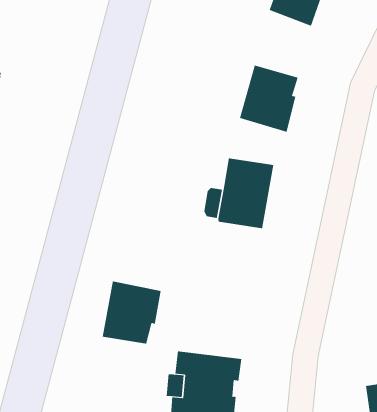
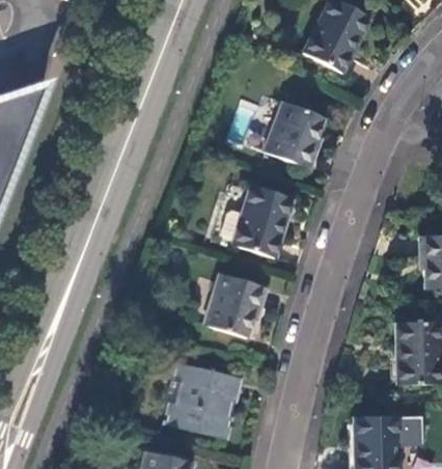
building: [102,281,162,344] -> [203,274,265,337]

